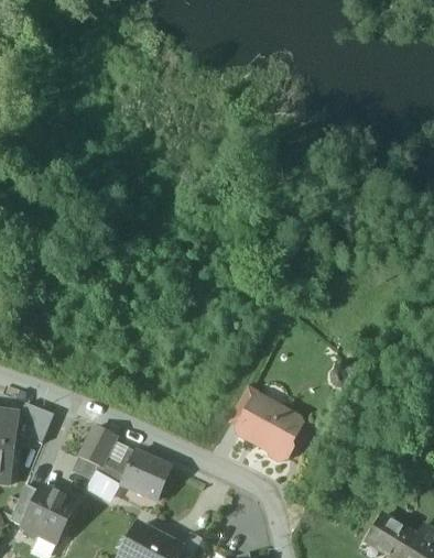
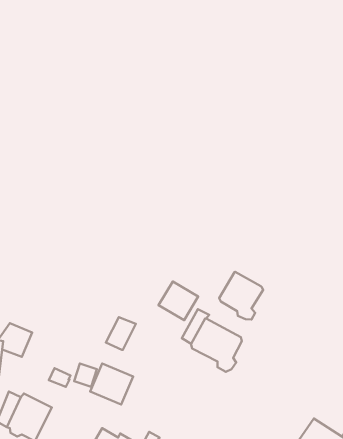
building: none -> [219,272,263,319]
building: none -> [159,281,198,320]
building: [79,427,115,466] -> [106,317,136,350]

